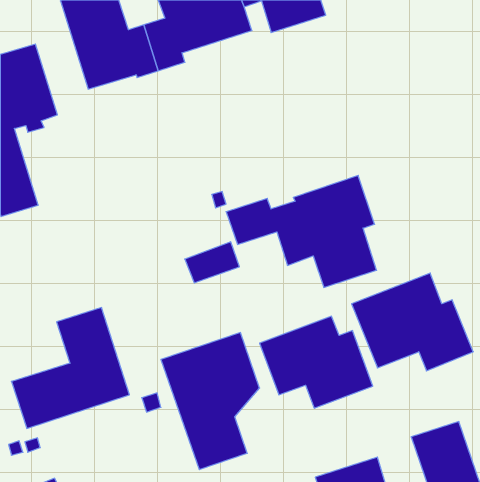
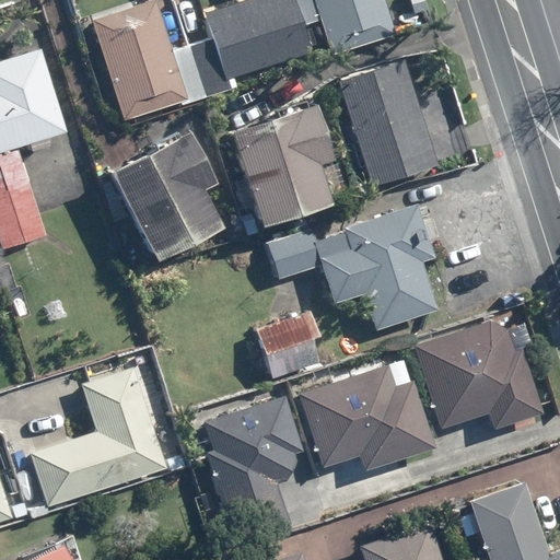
building: none -> [330,51,465,177]
building: none -> [225,97,327,220]
building: none -> [104,127,214,255]
building: [185,242,239,283] -> [266,318,328,365]

